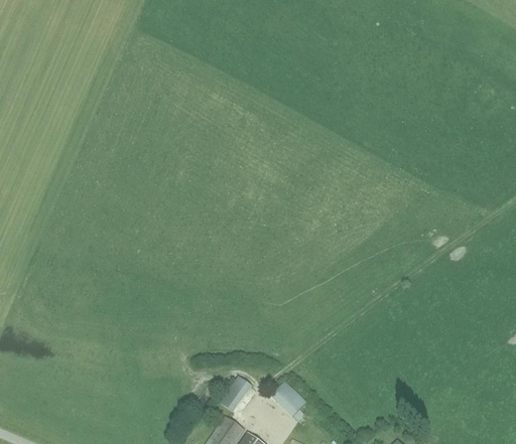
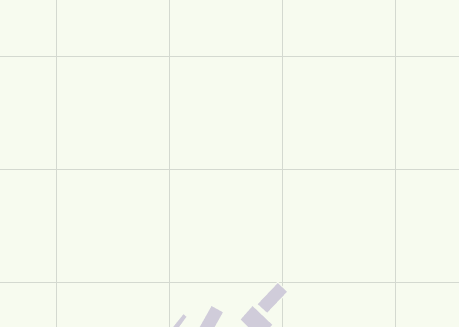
building: none -> [257,282,288,314]

